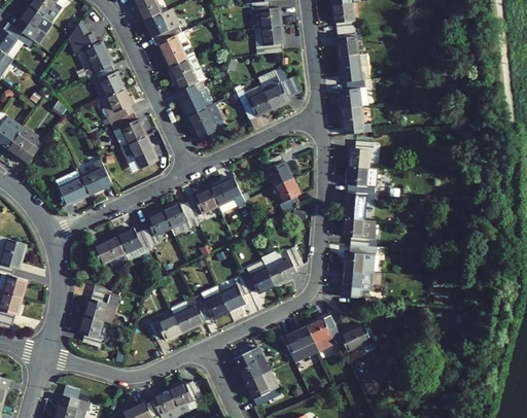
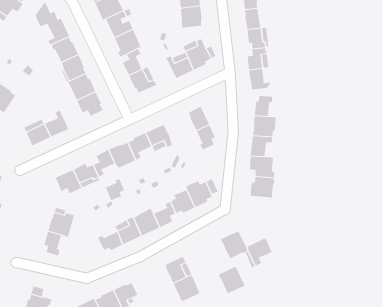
building: none -> [105,178,125,201]
building: [342,270,371,299] -> none
building: [283,325,318,361] -> [218,266,246,294]

